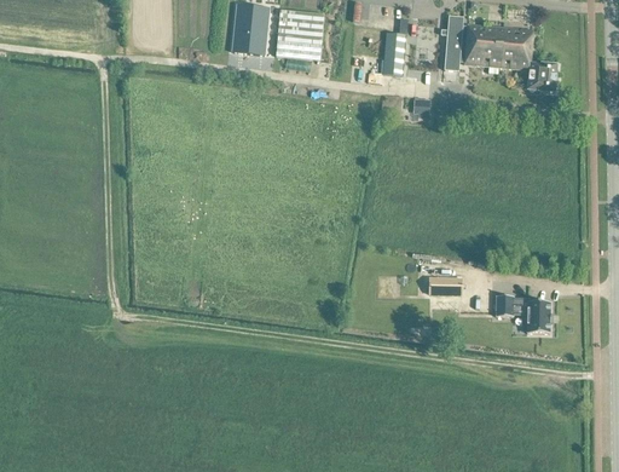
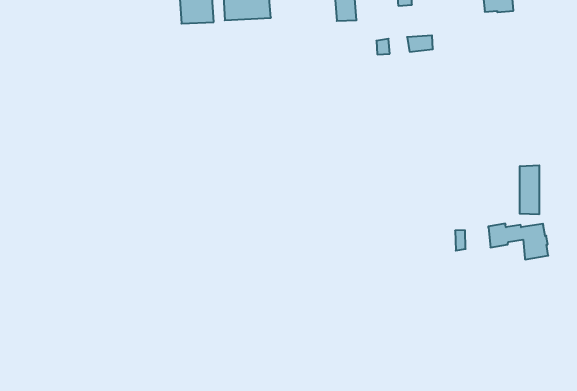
building: none -> [520,165,539,214]
building: [427,278,459,295] -> none

